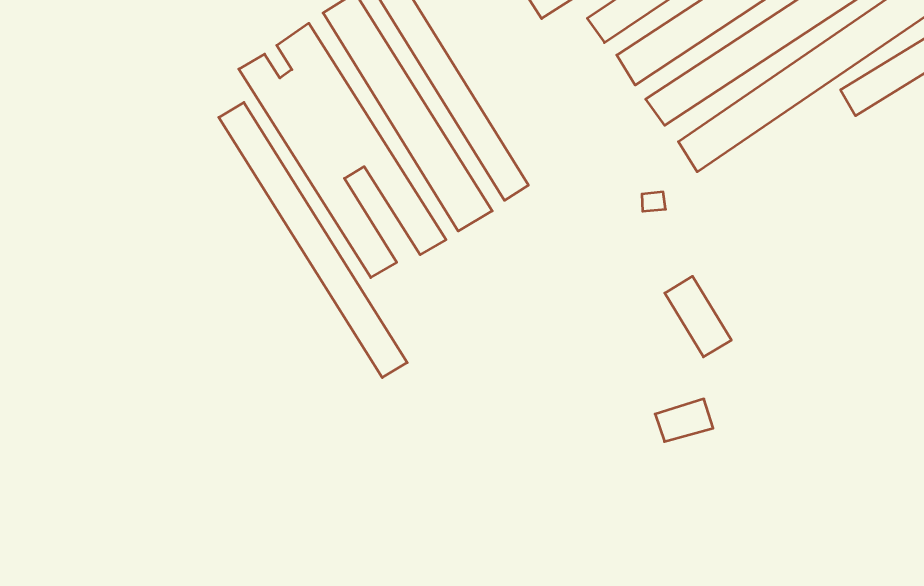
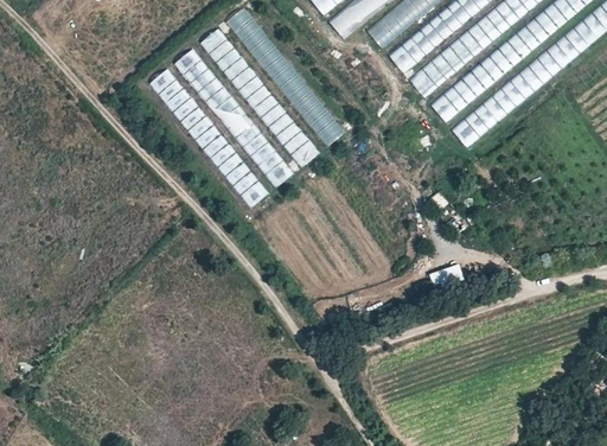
building: [219,102,407,378] -> none
building: none -> [452,70,543,142]

